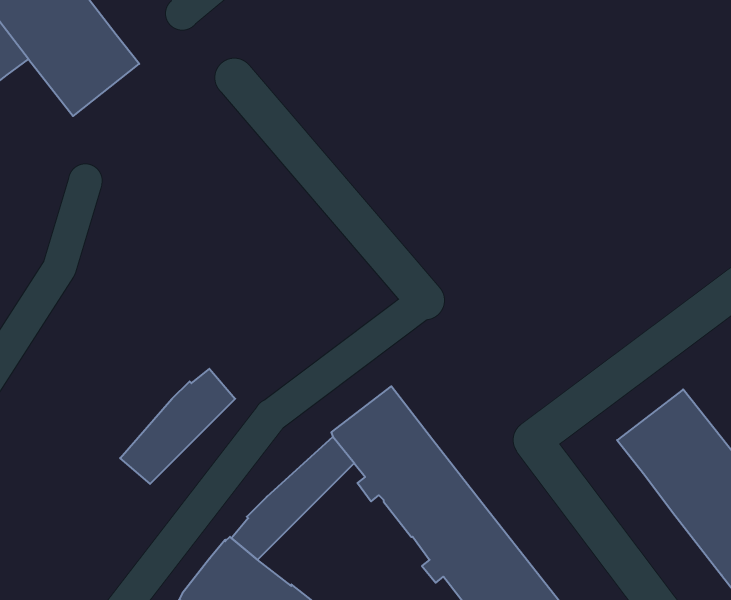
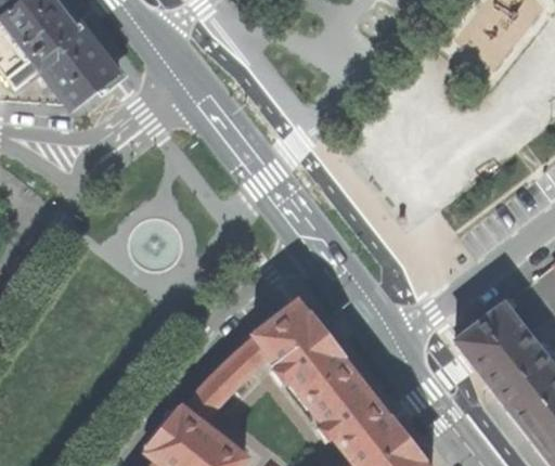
building: [120,369,235,484] -> none

